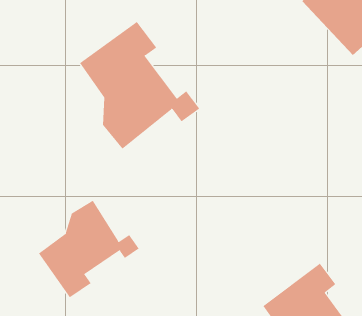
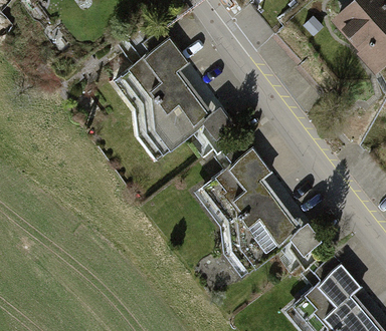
building: none -> [197,149,320,275]
building: [38,200,140,298] -> none

